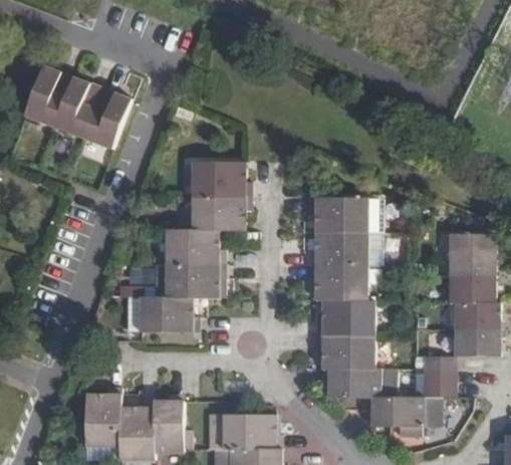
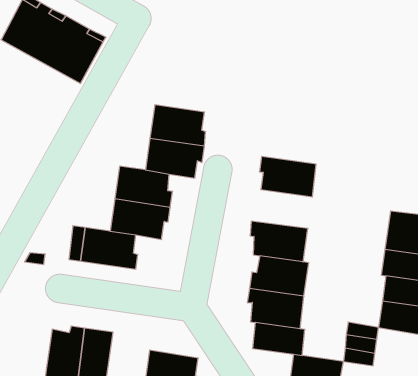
building: [308,232,367,266] -> none
building: [85,388,120,447] -> none

